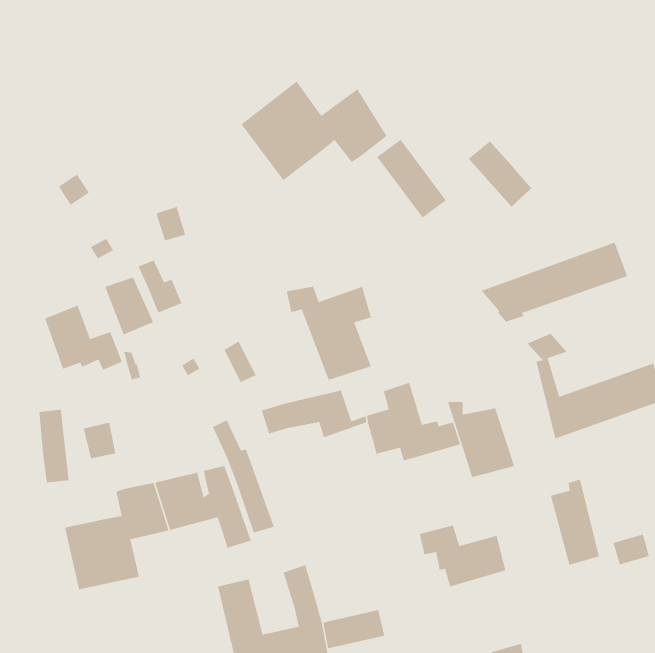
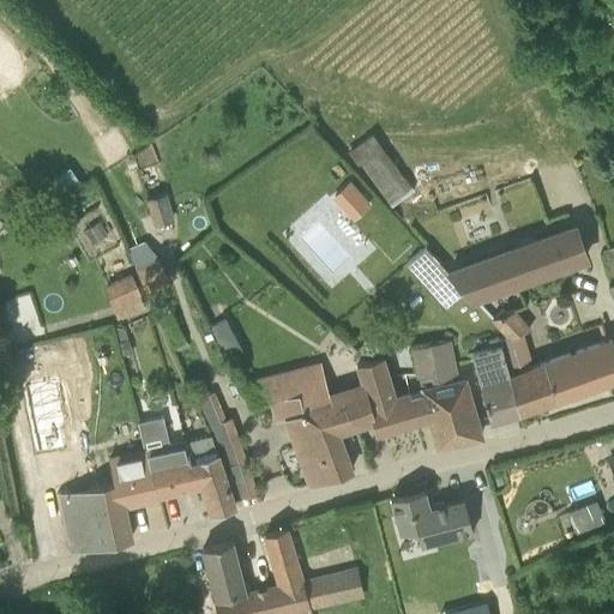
building: [240,80,387,181] -> none
building: [468,141,532,207] -> [407,249,466,312]
building: none -> [335,180,377,221]
building: [286,286,372,381] -> [272,398,353,487]
building: [44,304,123,371] -> none
building: none -> [413,343,458,390]
building: [83,422,116,459] -> [142,415,173,450]
building: [550,479,600,566] -> [472,341,519,422]

